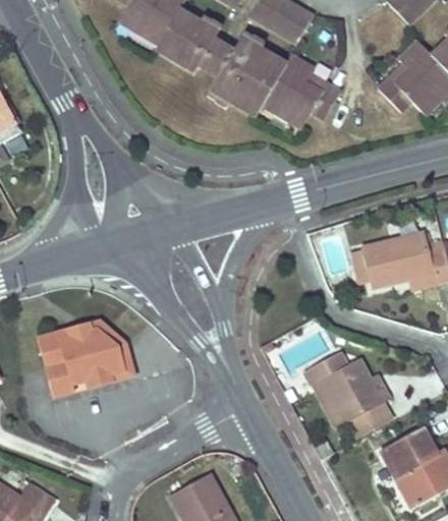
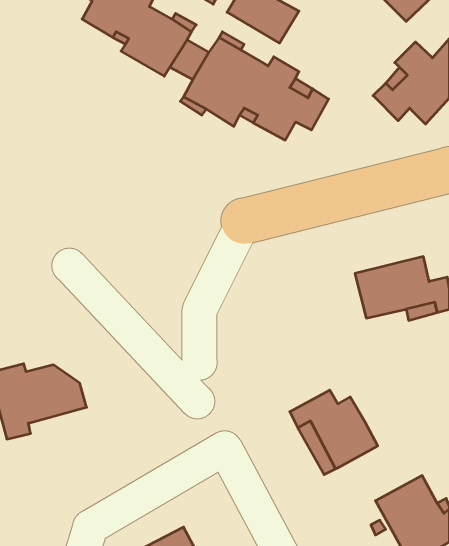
building: [67,319,134,390] -> none
building: [347,374,396,439] -> none

